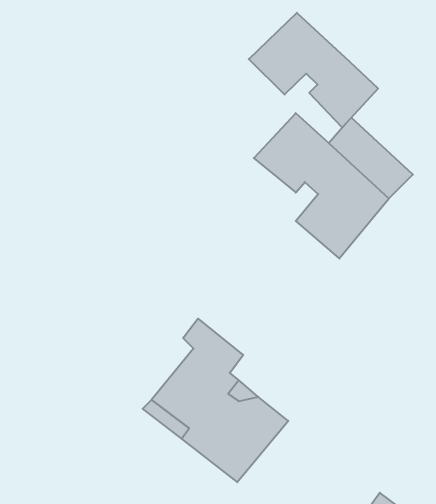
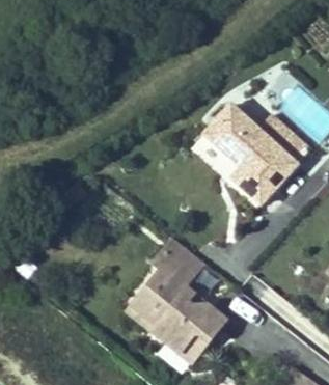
building: [249,13,378,127] -> none

